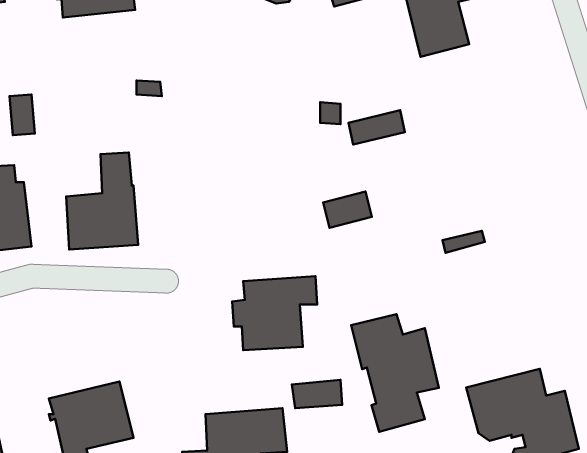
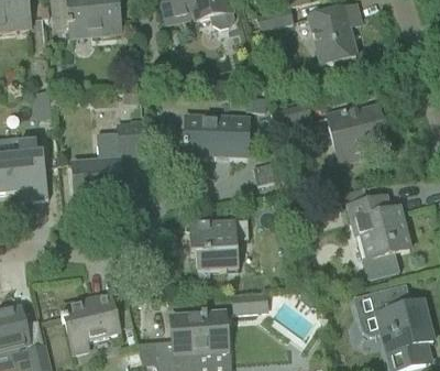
building: none -> [326,107,388,157]
building: none -> [184,116,249,154]
building: none -> [117,123,146,155]
building: [351,314,439,432] -> [348,197,409,280]

